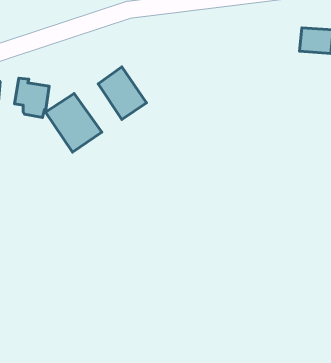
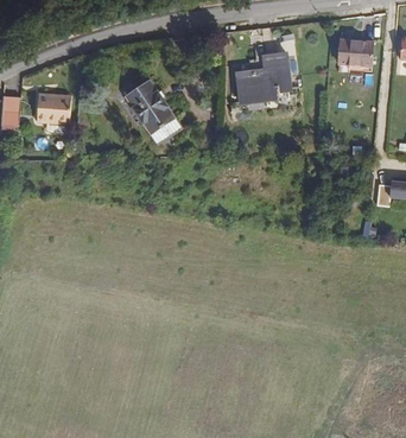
building: none -> [235,57,292,104]
building: [46,93,102,152] -> none

